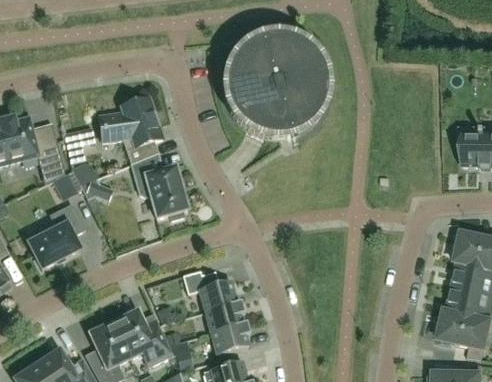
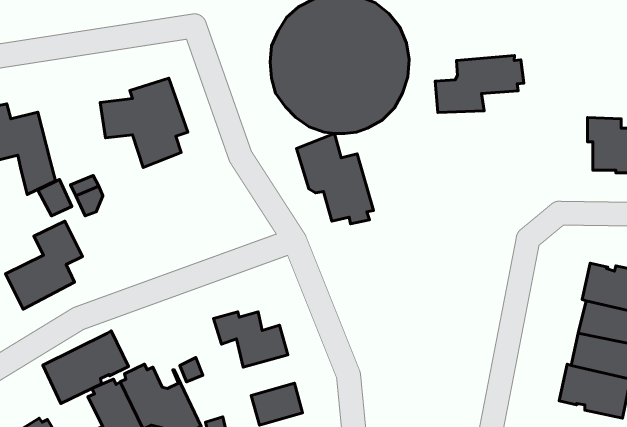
building: none -> [435,56,524,112]
building: [130,151,187,218] -> [297,134,374,224]
building: none -> [43,331,128,404]
building: [204,301,242,331] -> none

